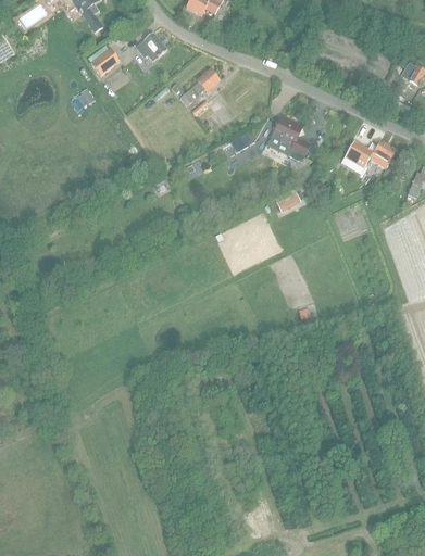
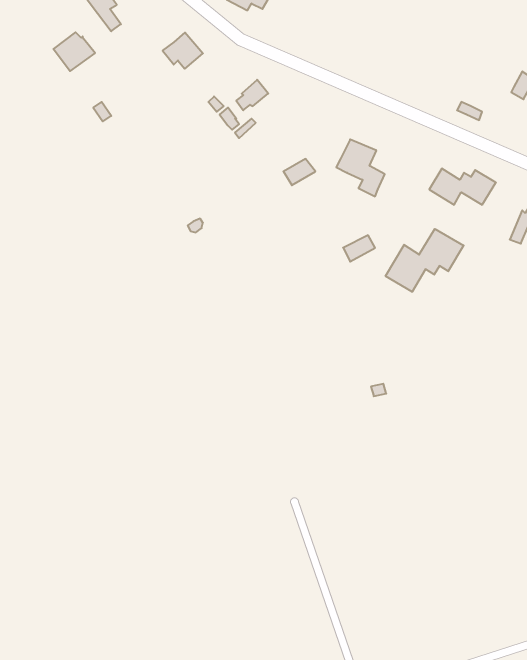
building: [88,45,121,75] -> [53,32,95,71]
building: none -> [386,229,464,292]

